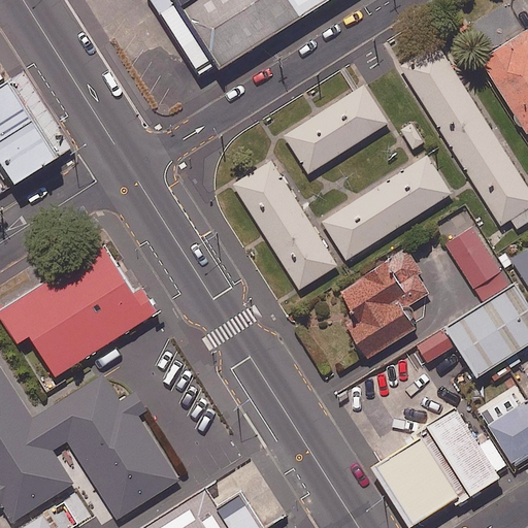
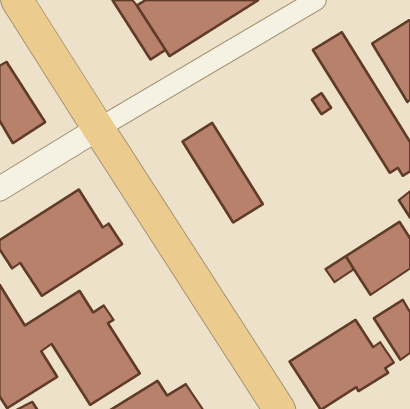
building: [285,84,389,172] -> none
building: [322,154,452,259] -> none
building: [444,224,508,299] -> none
building: [318,244,430,363] -> none

